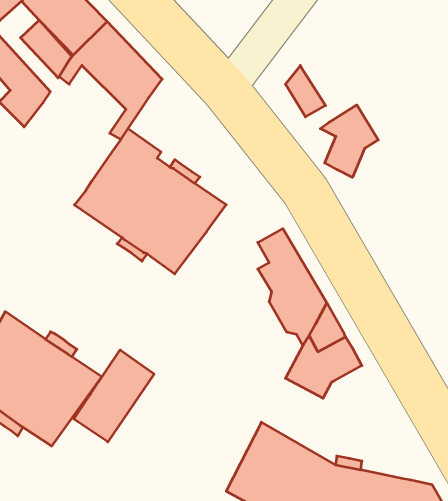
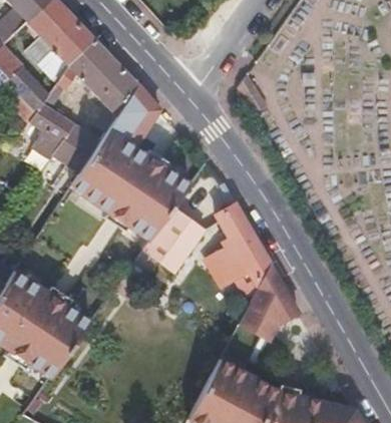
building: none -> [110,84,159,142]
building: none -> [29,103,100,173]
building: [320,105,378,177] -> none
building: none -> [141,203,209,274]
building: [74,350,154,442] -> none

